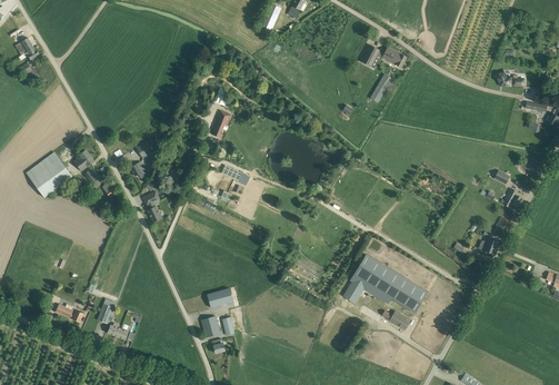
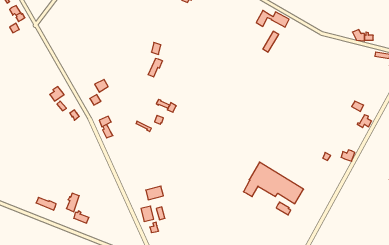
building: [27,151,72,198] -> none

